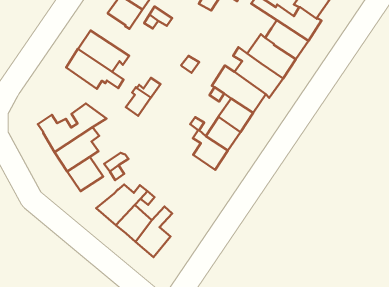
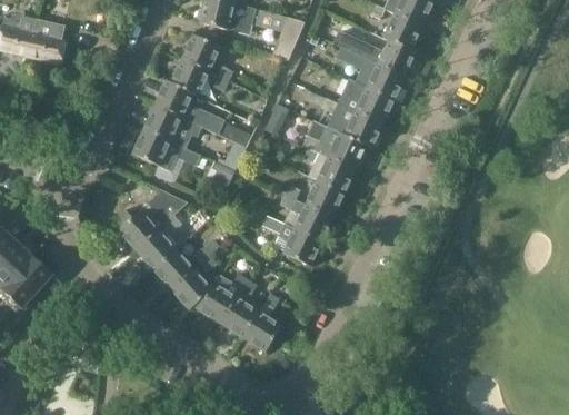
building: none -> [154,78,253,147]
building: none -> [262,214,322,265]
building: none -> [172,268,211,309]

